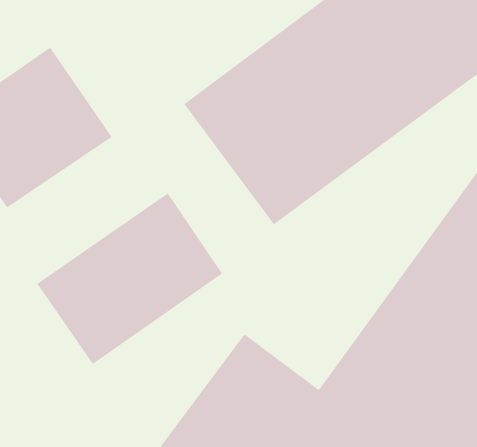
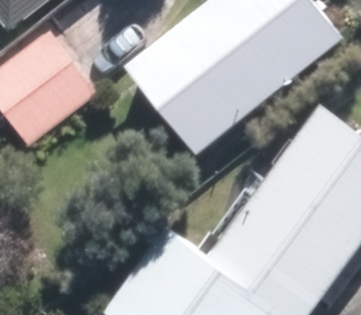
building: [36,193,223,365] -> none

